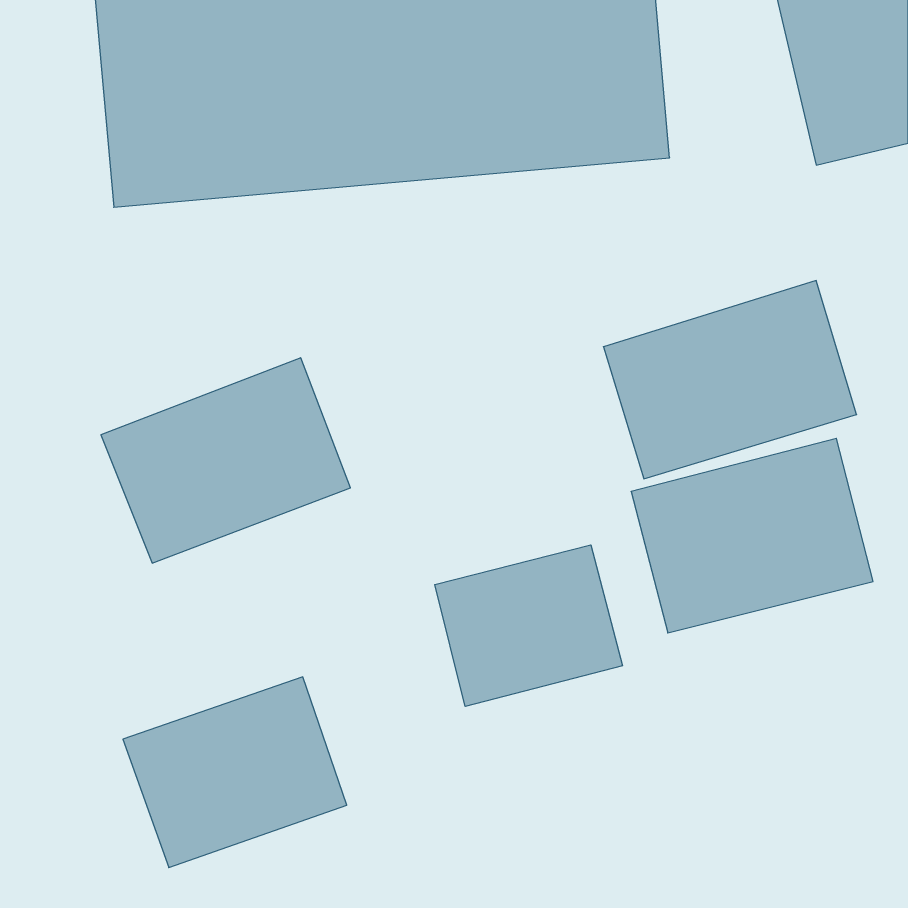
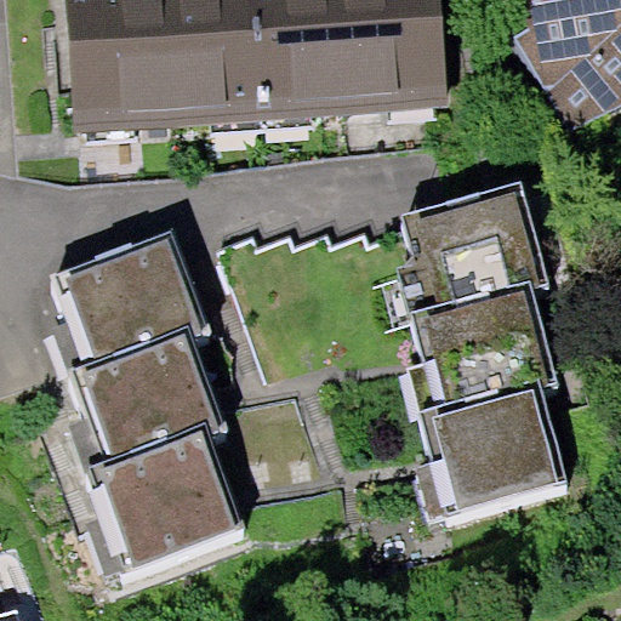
building: none -> [79,348,226,471]
building: [435,545,622,706] -> none
building: none -> [415,394,569,507]

